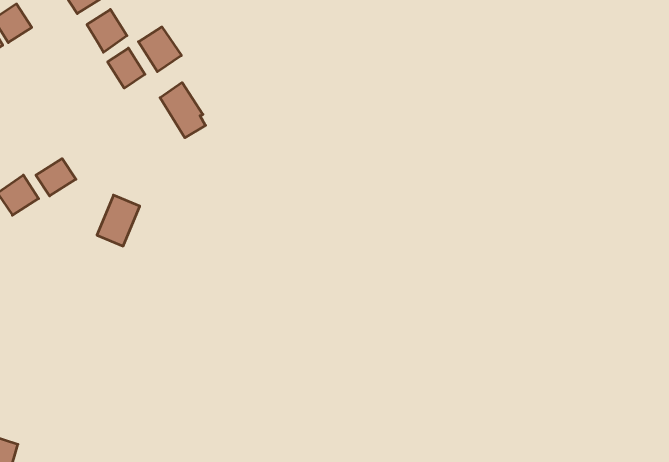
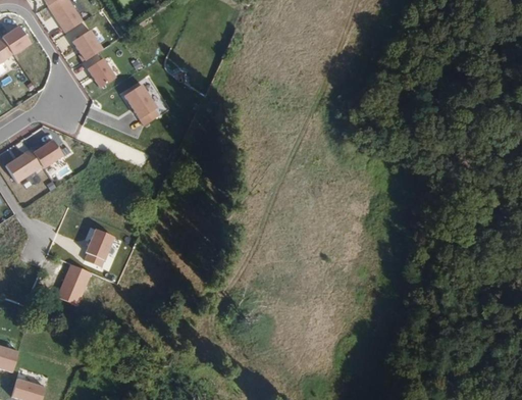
building: [138,27,181,72] -> none
building: [97,195,140,246] -> [84,229,115,266]
building: none -> [55,263,92,305]

